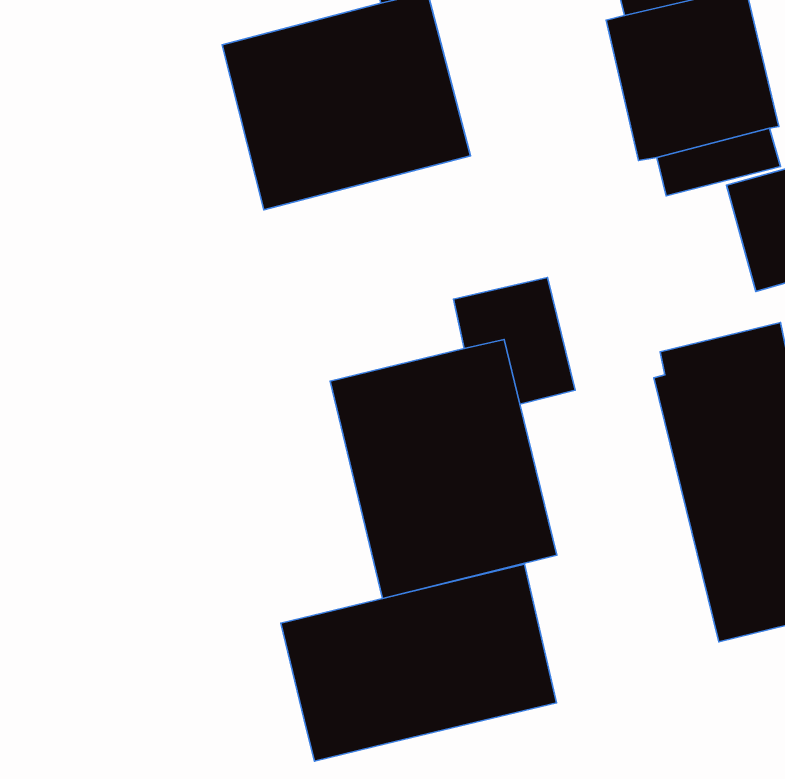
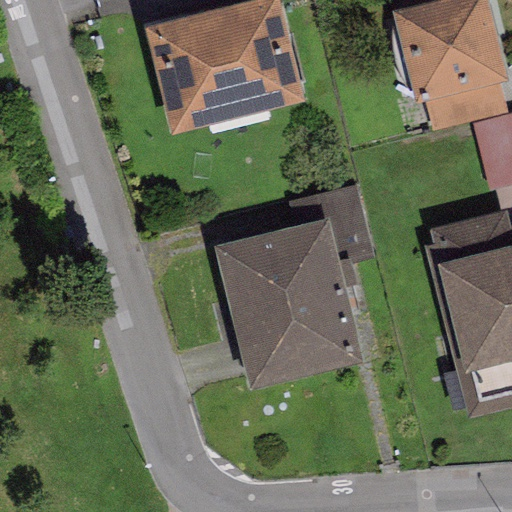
building: [281,564,557,761] -> none

